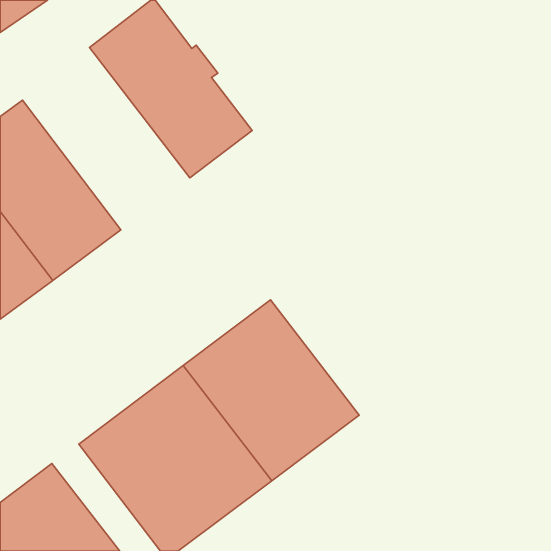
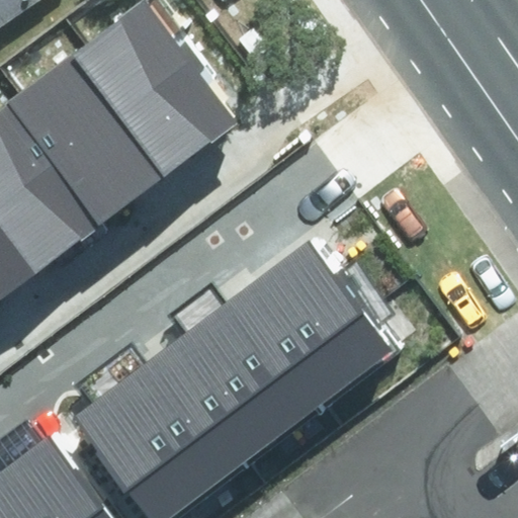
building: none -> [21,45,178,215]
building: none -> [254,239,388,390]

